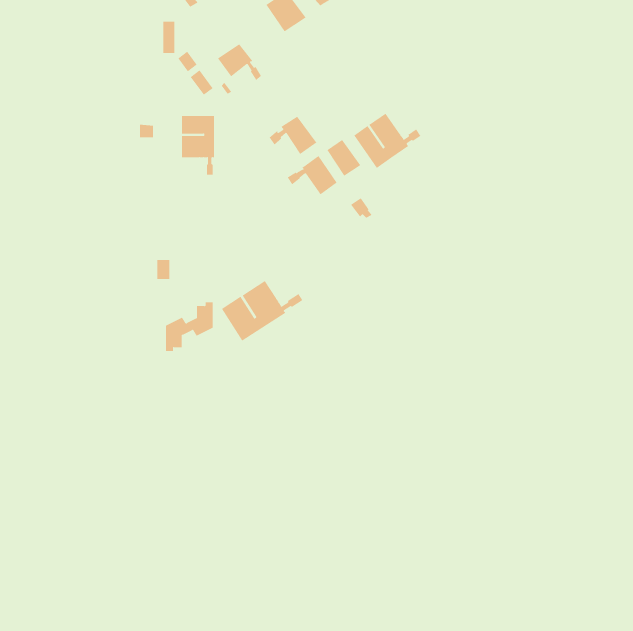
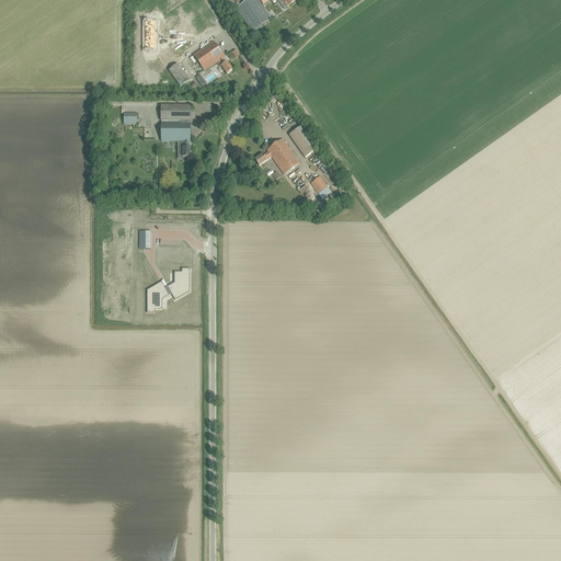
building: [353,113,421,169] -> none
building: [269,116,317,155] -> none
building: [221,280,303,341] -> none

